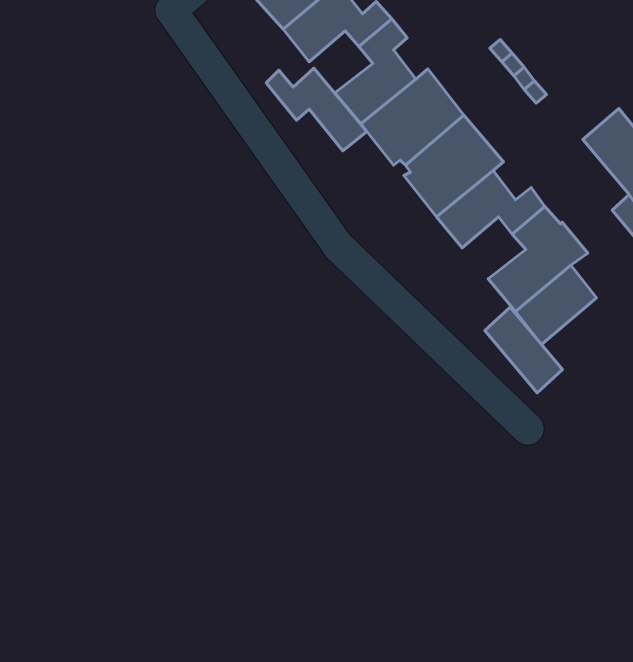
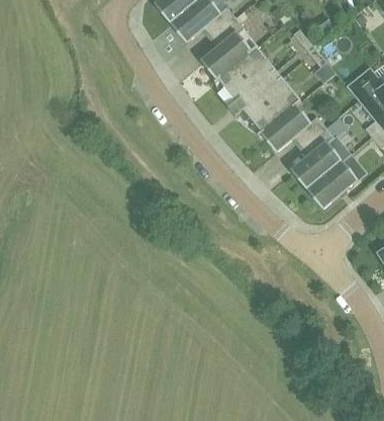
building: [266,68,367,151] -> none
building: [485,307,563,393] -> none

